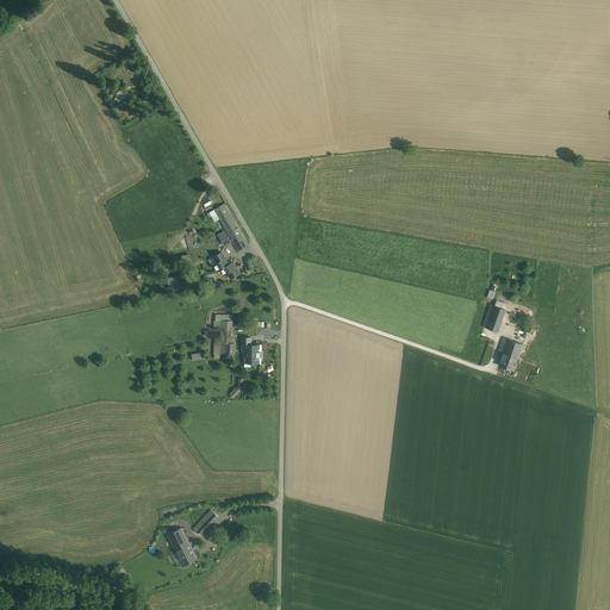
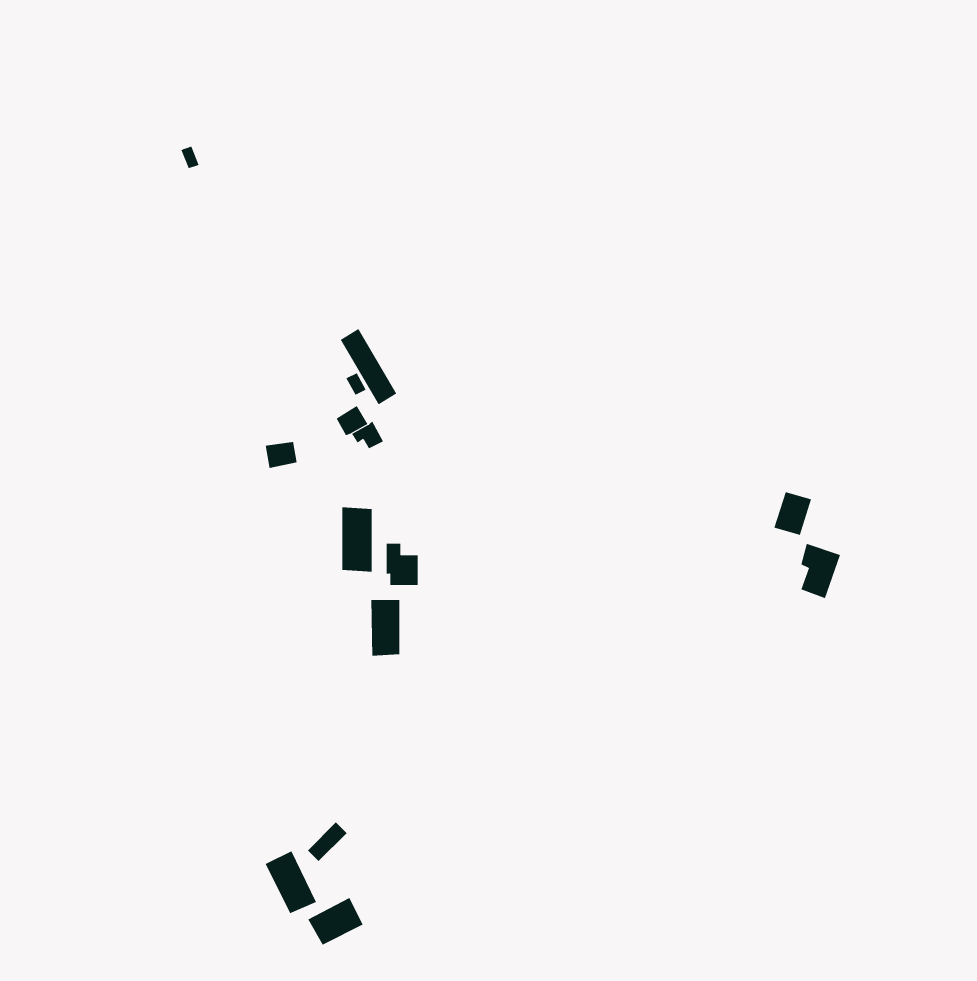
building: none -> [371,599,400,657]
building: none -> [308,897,364,945]

